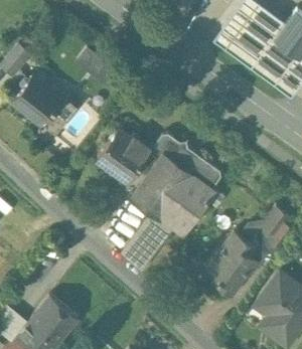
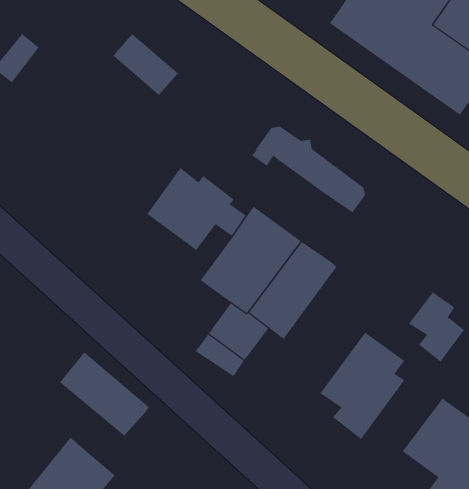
building: [12,74,79,134] -> none
building: [150,133,221,187] -> [251,126,366,213]
building: none -> [59,352,149,436]

